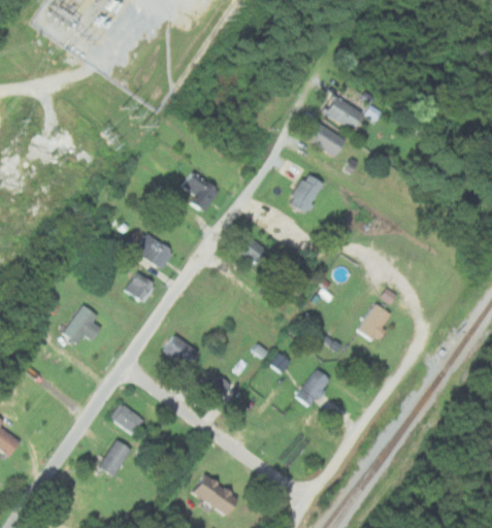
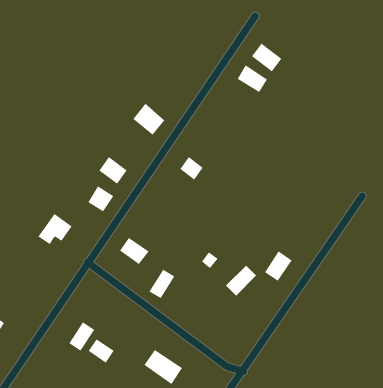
building: [288,172,325,213] -> none
building: [357,303,392,341] -> [264,250,292,281]
building: [111,404,144,435] -> [88,338,115,363]

